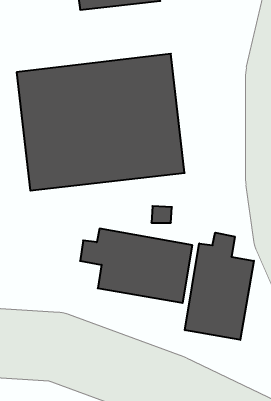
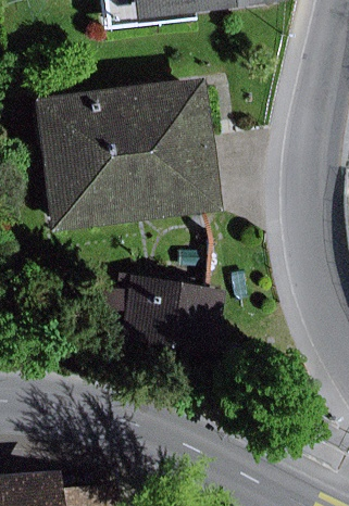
building: [185,233,254,340] -> none

